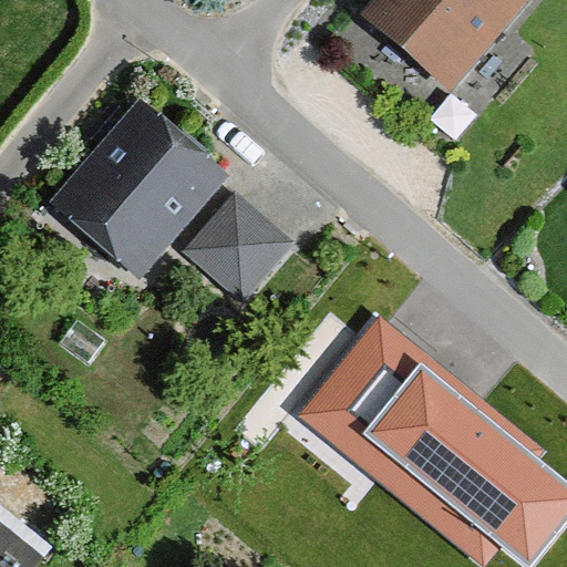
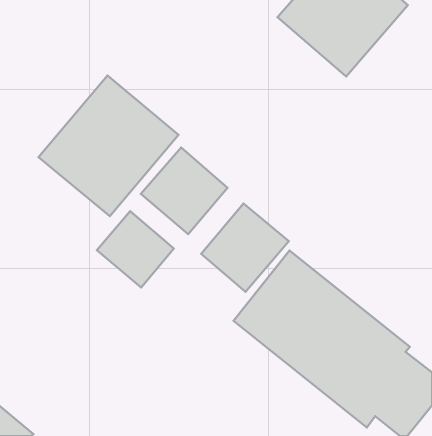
building: none -> [201,203,289,292]
building: none -> [97,211,174,287]

